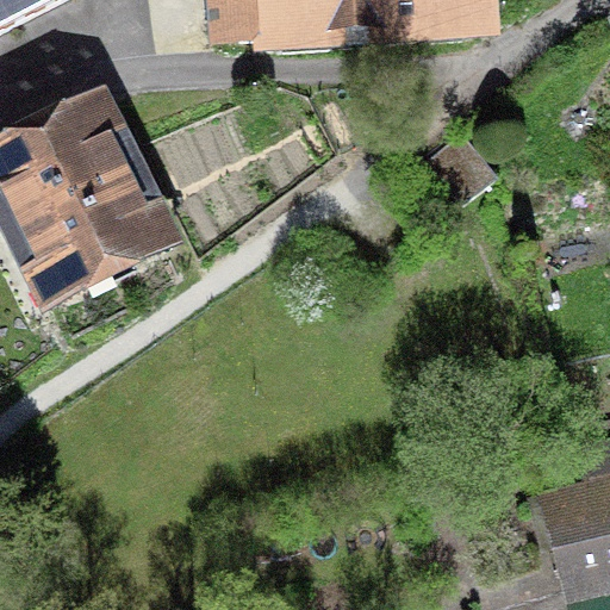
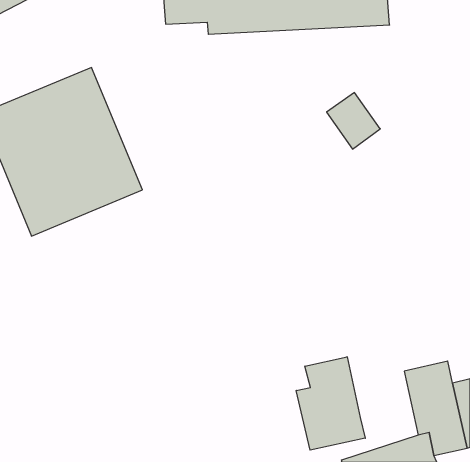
building: none -> [296,357,365,450]

